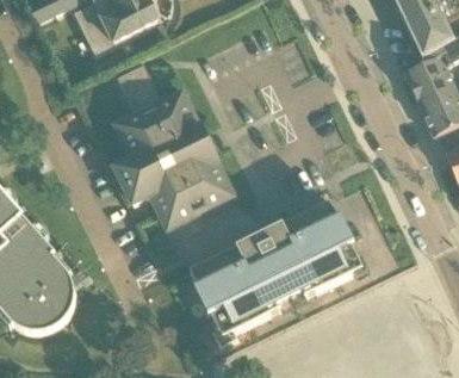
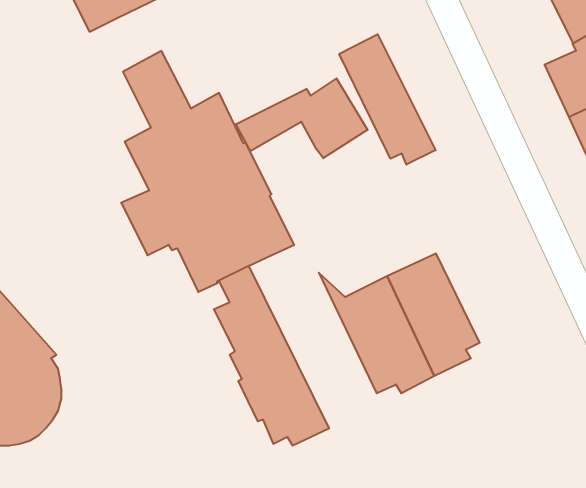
building: none -> [339,34,436,165]
building: none -> [236,78,368,158]
building: [201,204,289,322] -> none

